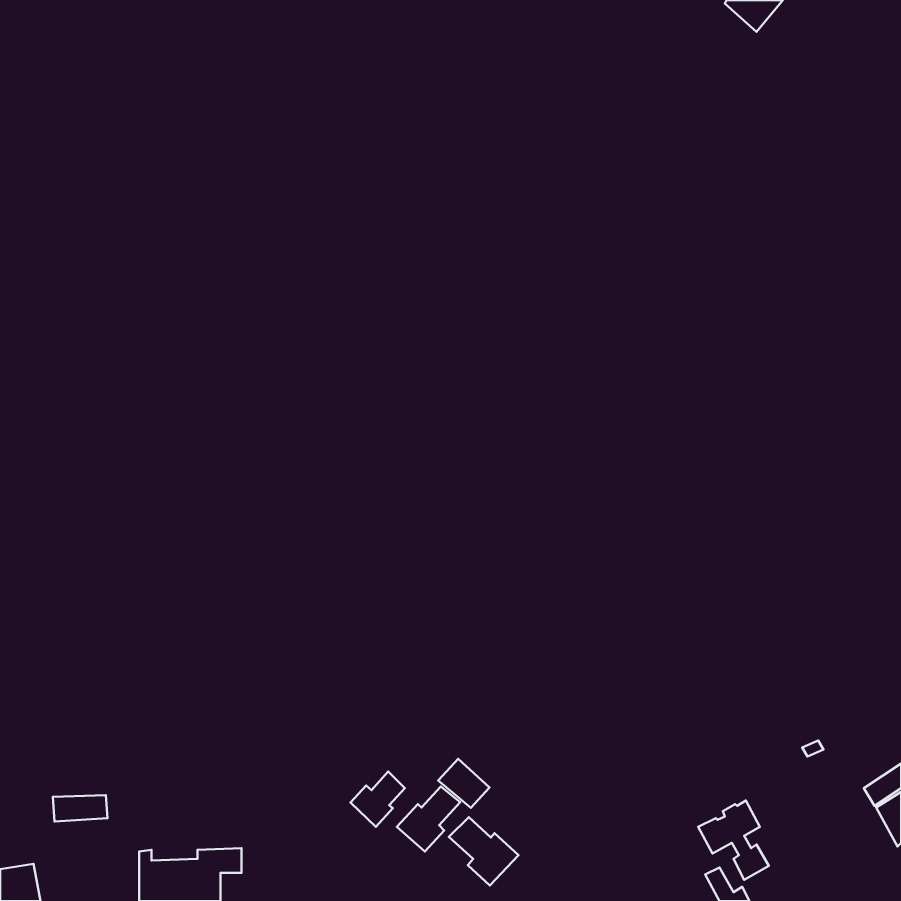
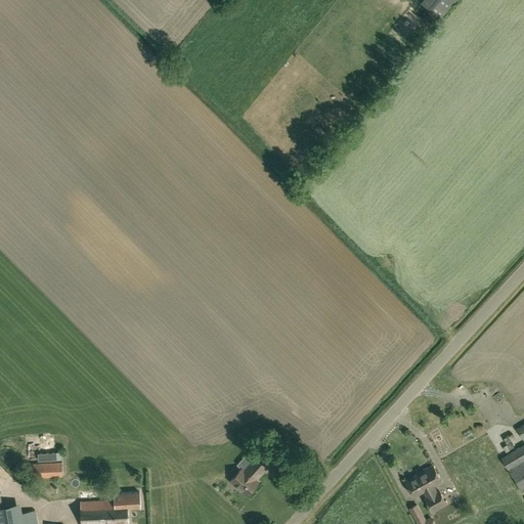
building: [438,759,490,808] -> none
building: [350,771,405,827] -> none
building: [449,817,519,885] -> none

